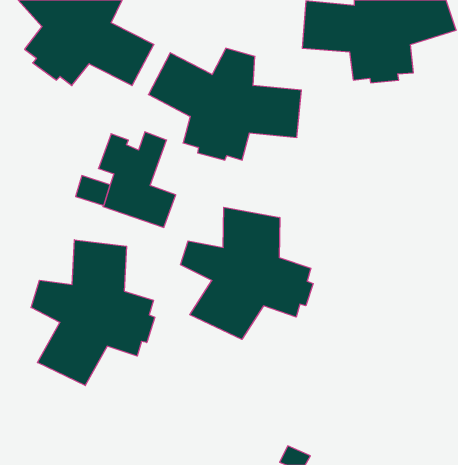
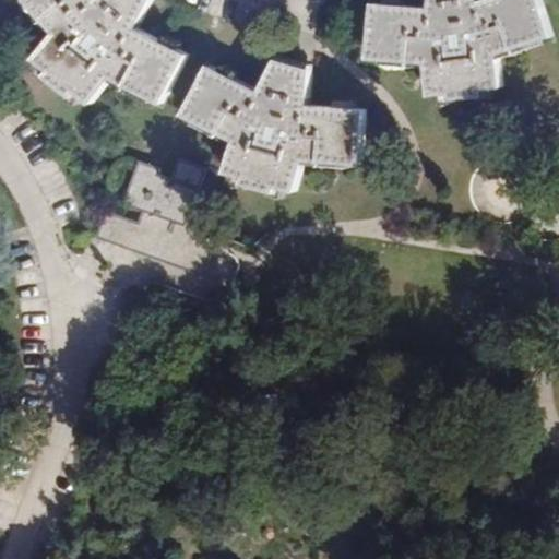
building: [180,207,313,339] -> none
building: [31,240,155,386] -> none

